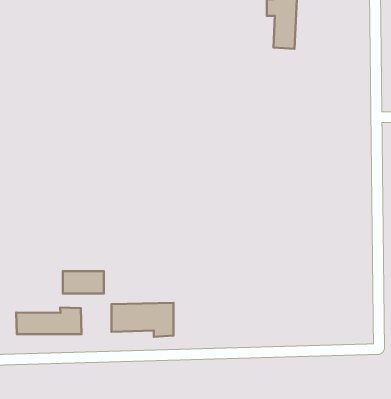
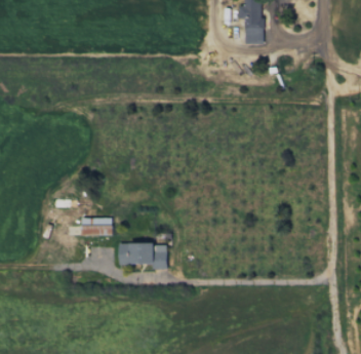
building: [16,308,82,334] -> none

